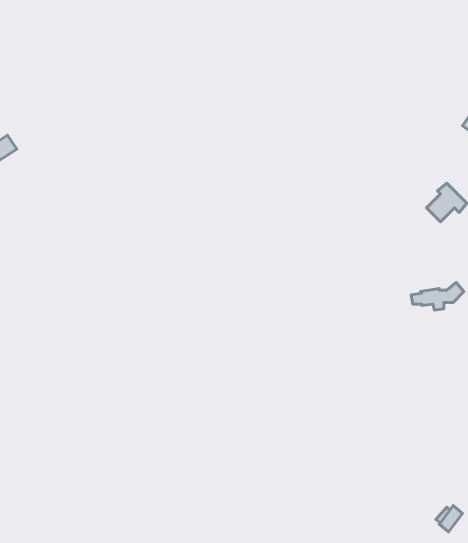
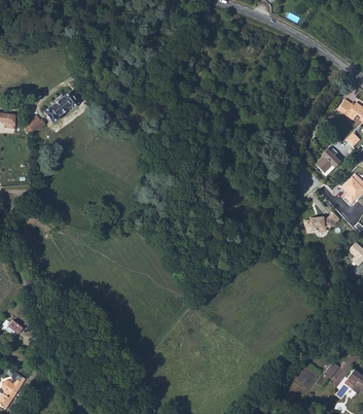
building: none -> [43,92,77,122]

